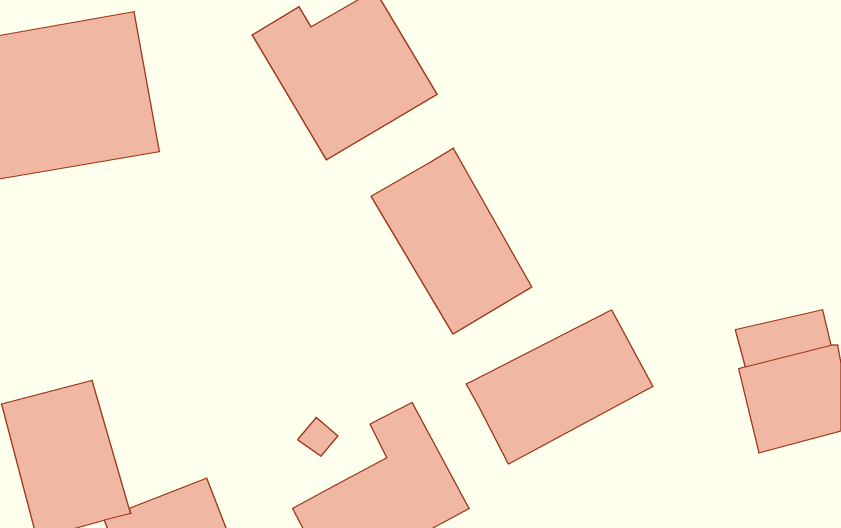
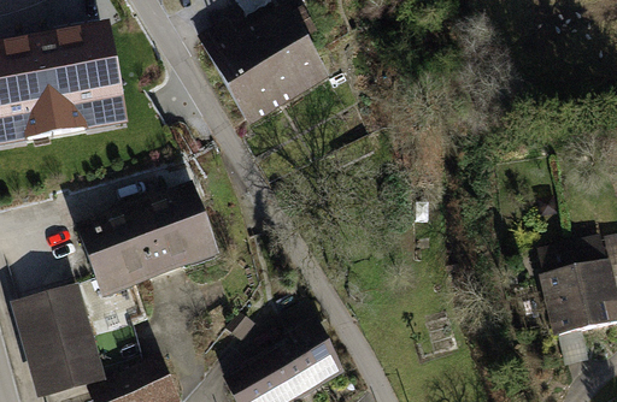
building: [371,148,532,334] -> none
building: none -> [77,183,221,297]
building: [466,310,653,464] -> none

